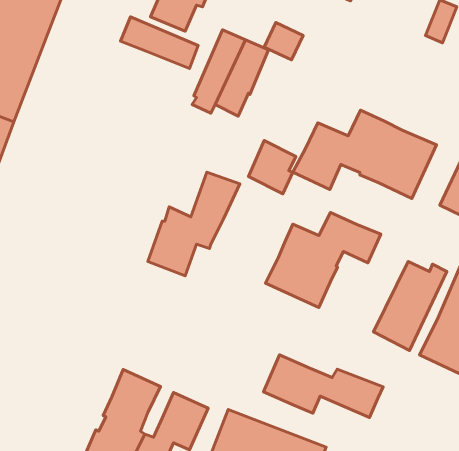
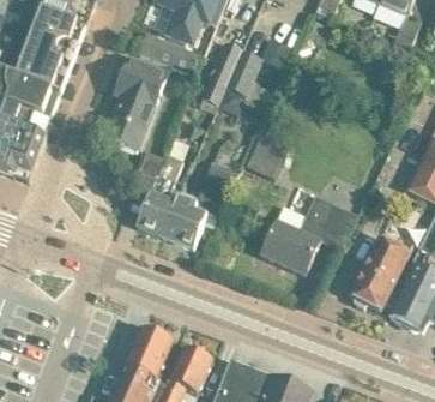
building: none -> [104,55,167,150]
building: [293,110,436,198] -> none
building: none -> [128,158,181,236]
building: [263,355,383,418] -> none

